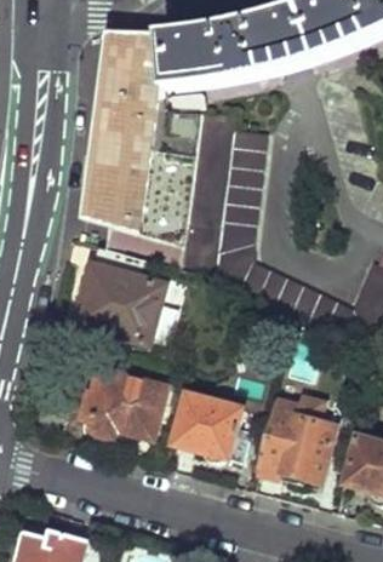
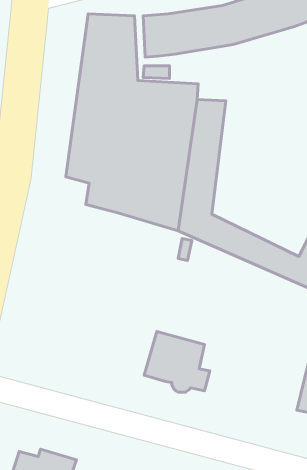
building: [74,246,161,339] -> none
building: [90,365,164,435] -> none
building: [253,392,332,481] -> none

